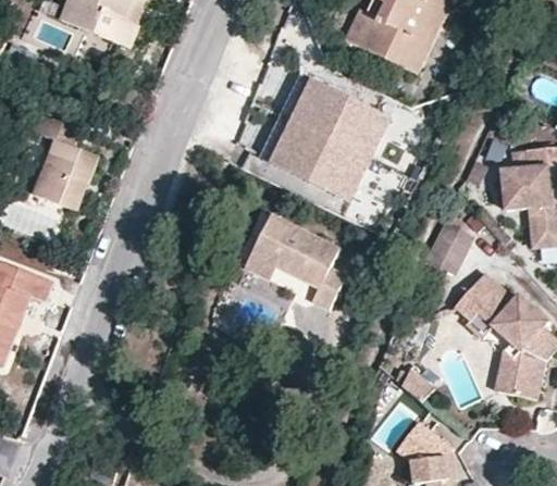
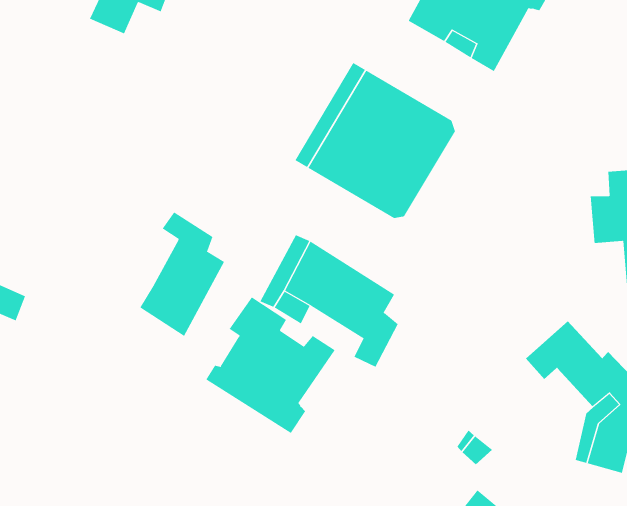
building: [32,110,95,207] -> none
building: none -> [139,212,225,337]
building: [426,221,475,273] -> none
building: none -> [205,297,335,434]

